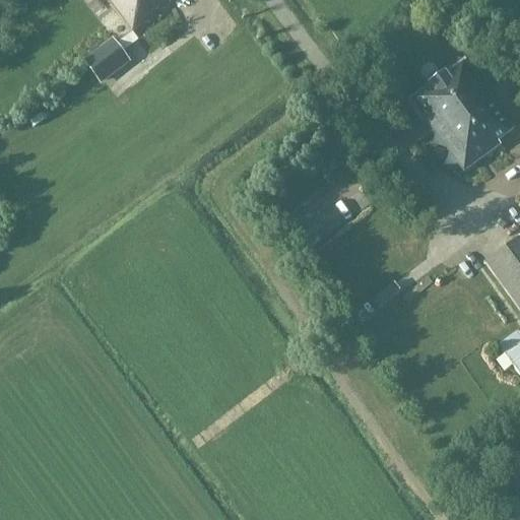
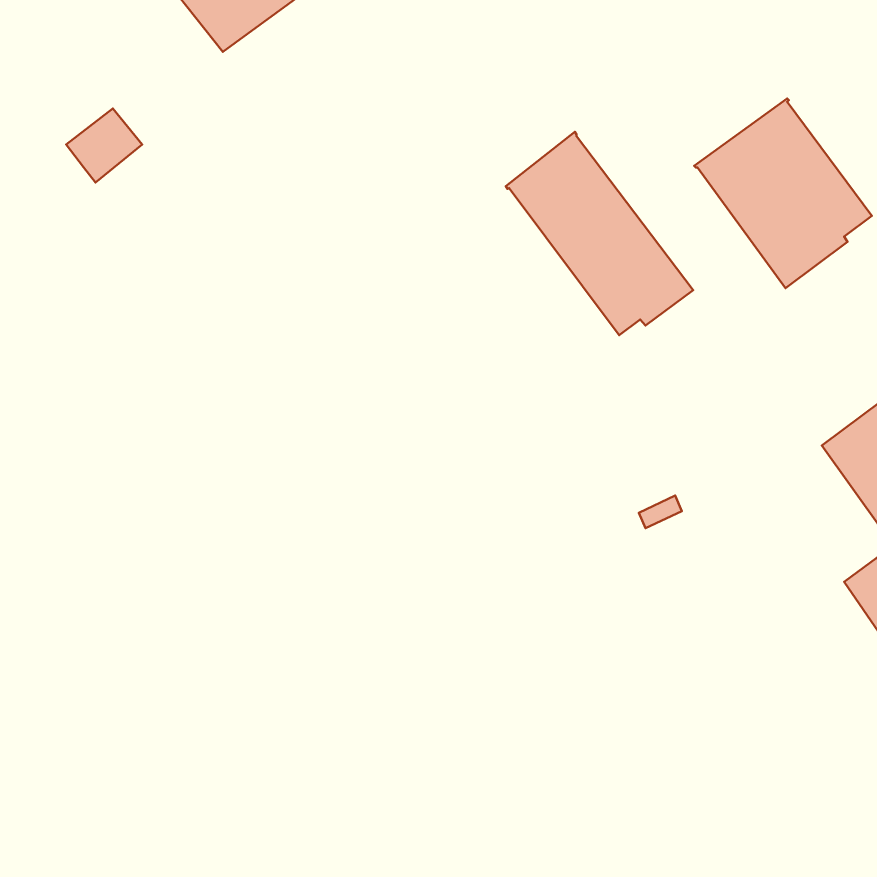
building: [82,32,127,76] -> [66,108,142,183]
building: none -> [506,132,693,335]

